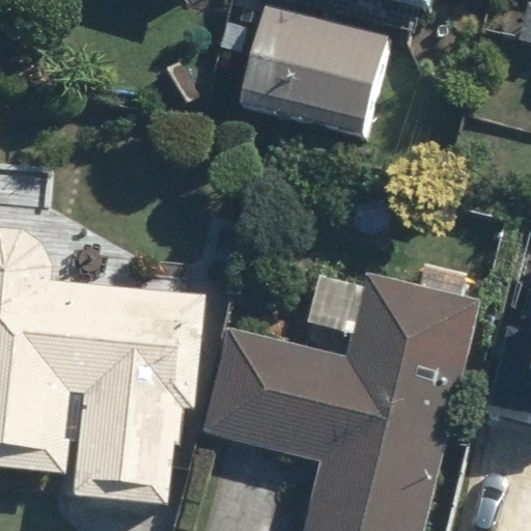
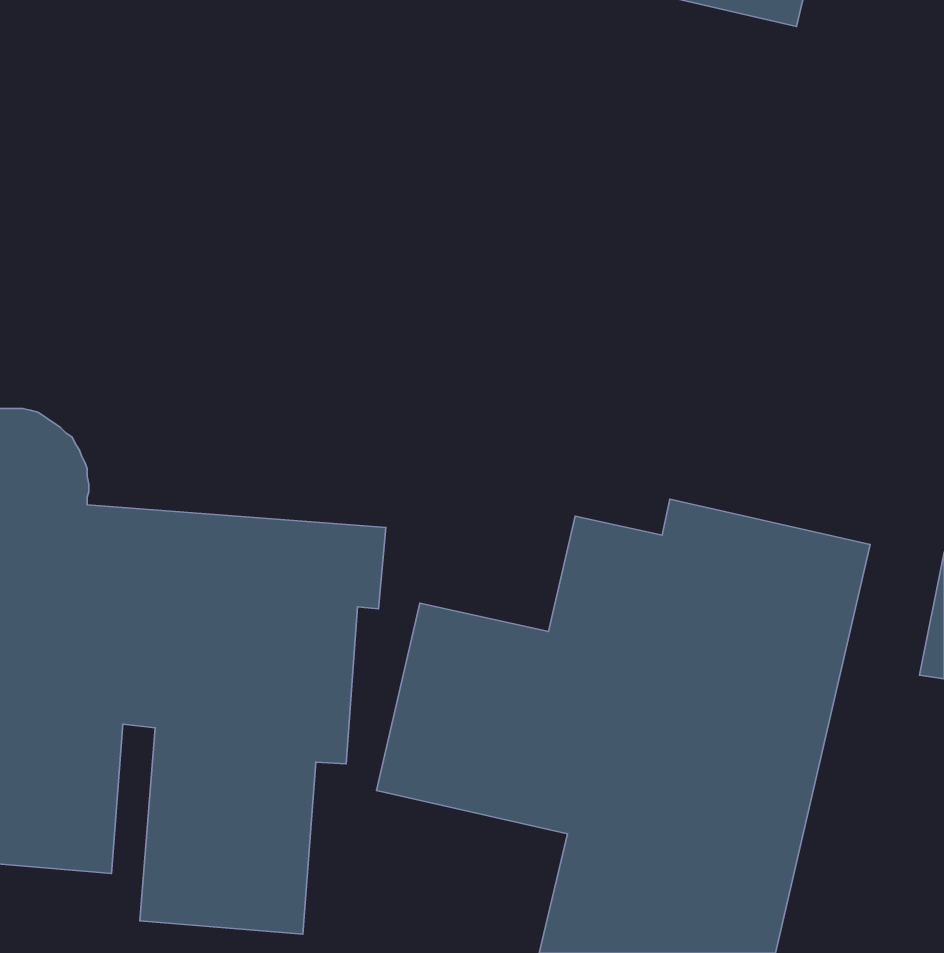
building: [236,8,390,136] -> none

